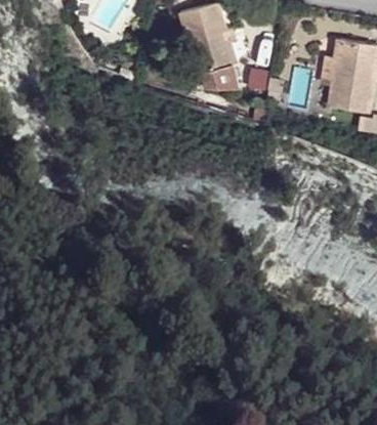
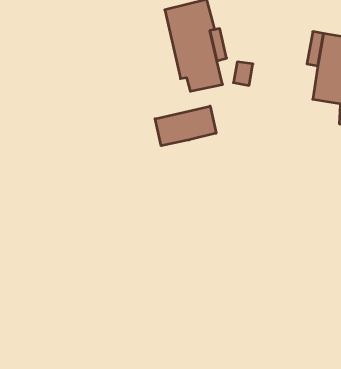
building: none -> [155,106,216,146]

